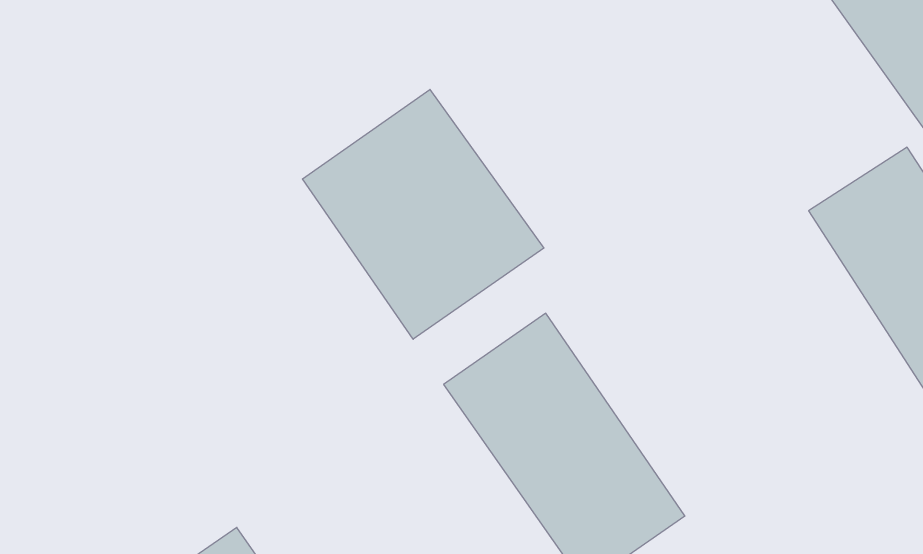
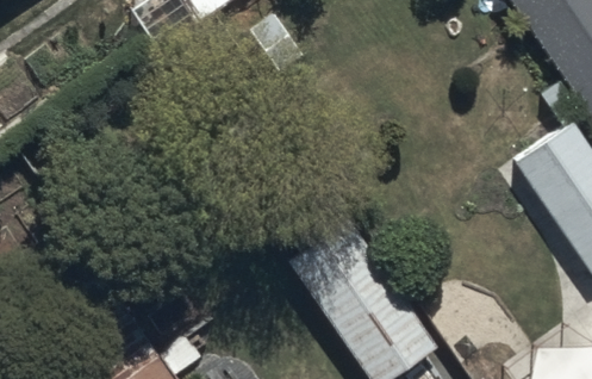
building: [302,89,544,339] -> none

